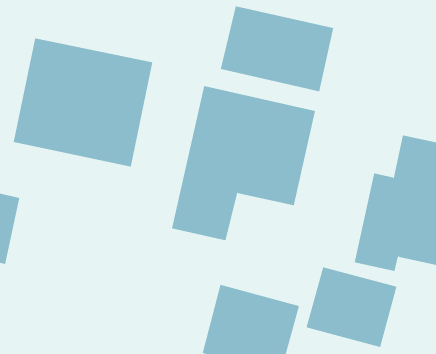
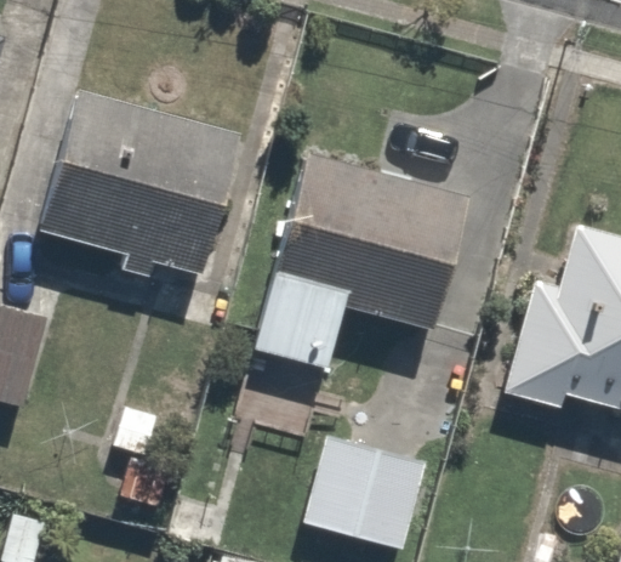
building: [220,5,334,92] -> none
building: [306,266,397,348] -> none

